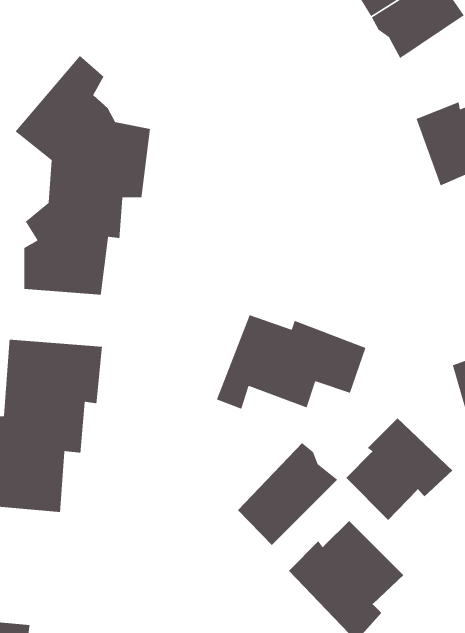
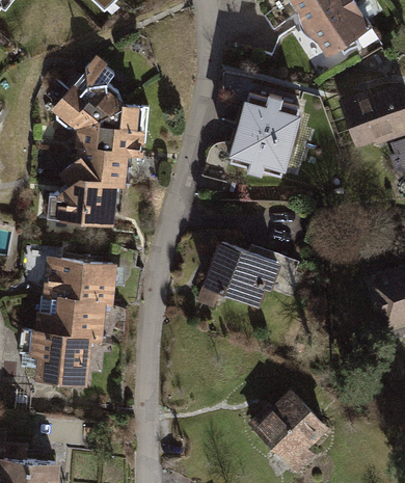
building: none -> [228,90,304,181]
building: [345,418,453,521] -> none
building: [237,442,338,546] -> none

